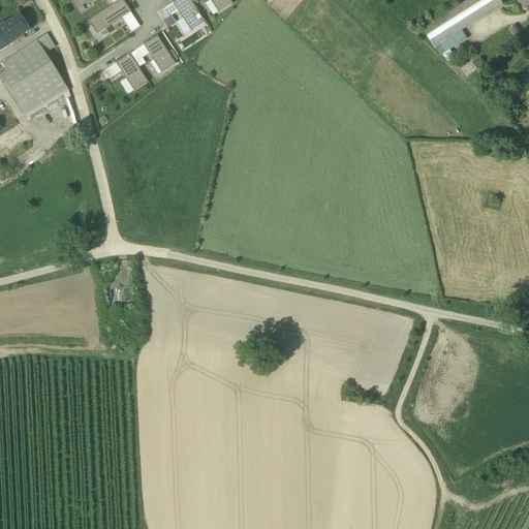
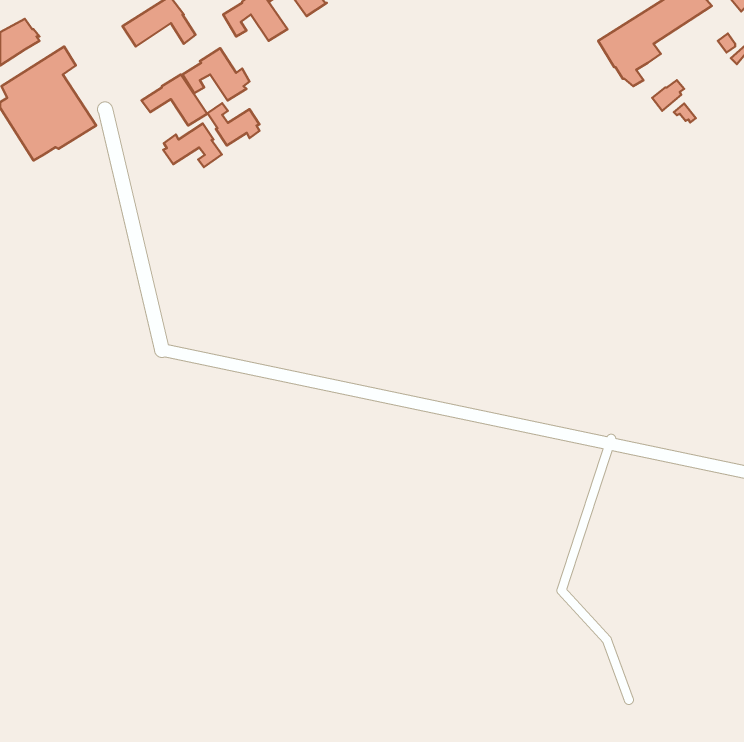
building: none -> [207,103,260,146]
building: none -> [163,123,222,167]

